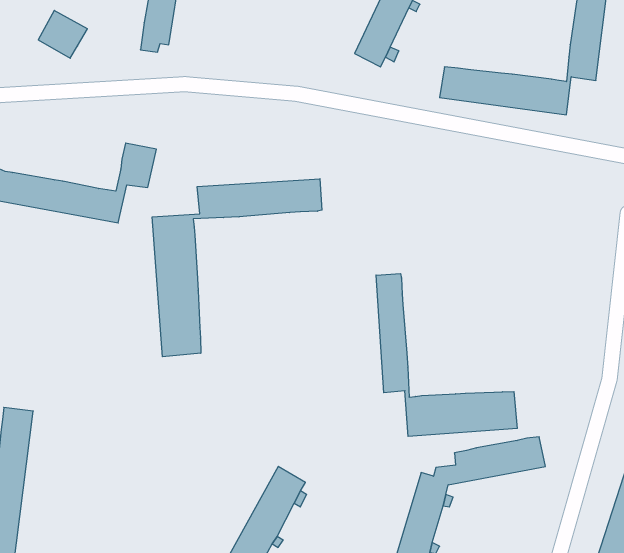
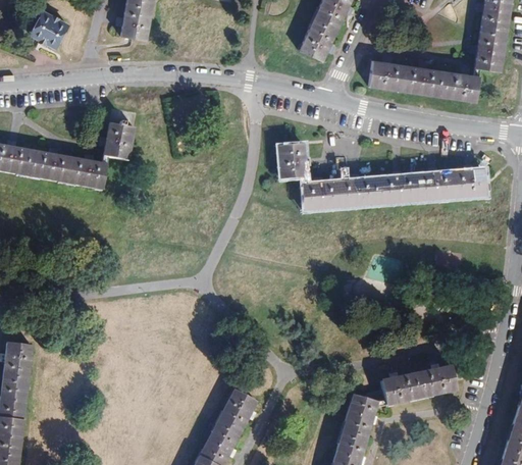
building: none -> [277,144,485,210]
building: [152,179,322,357] -> none
building: [376,274,517,436] -> none

